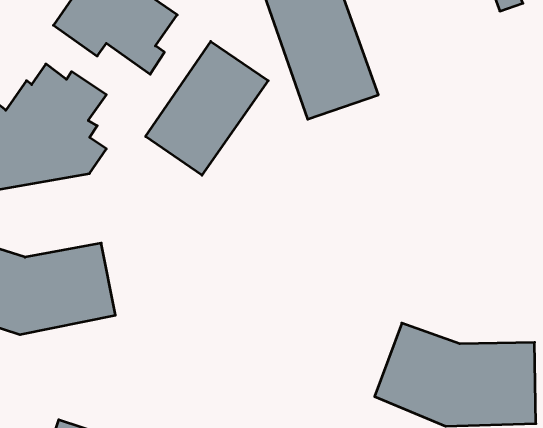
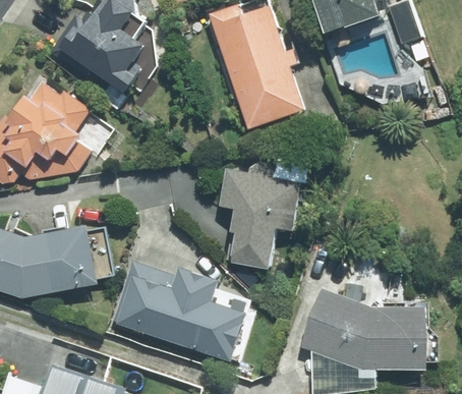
building: [146,41,268,175] -> none
building: none -> [220,167,301,269]
building: none -> [110,264,250,361]

